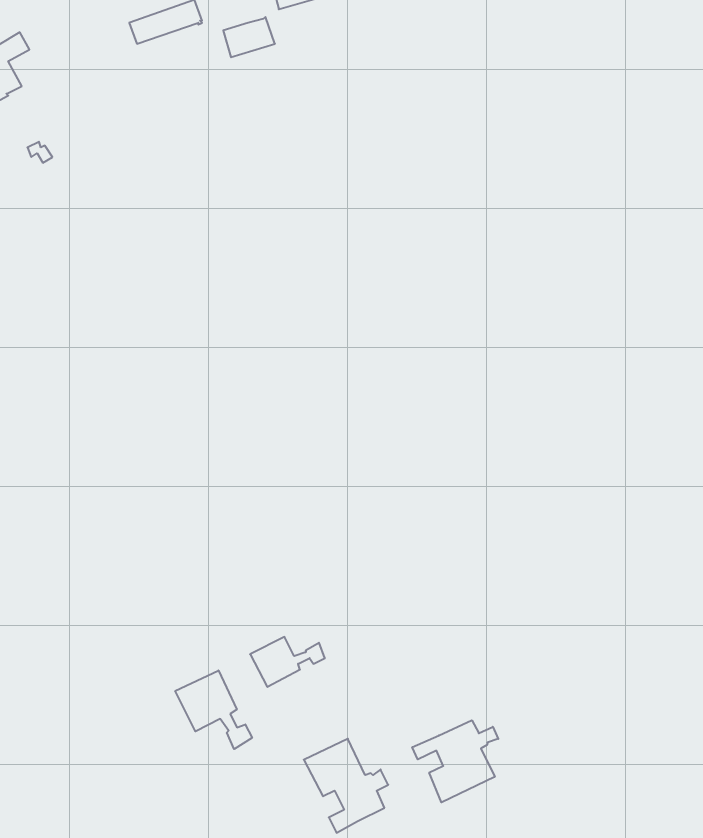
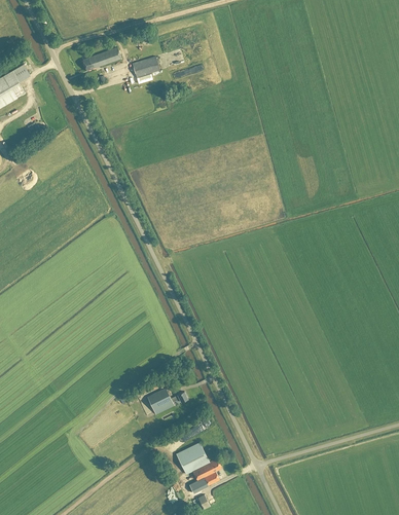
building: [175,670,252,749] -> none
building: [412,720,498,802] -> none

